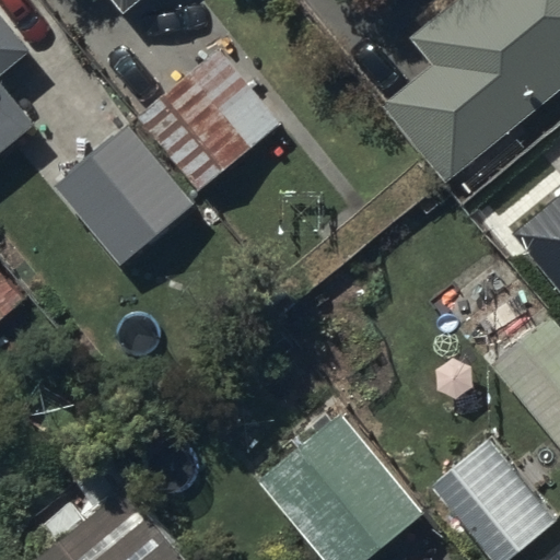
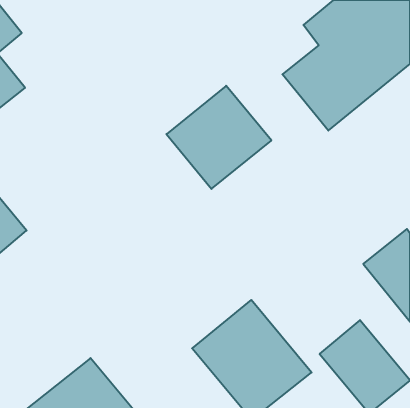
building: [137,51,279,191] -> [166,86,271,189]
building: [54,124,196,267] -> none

